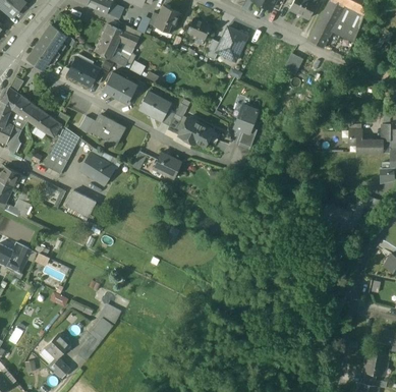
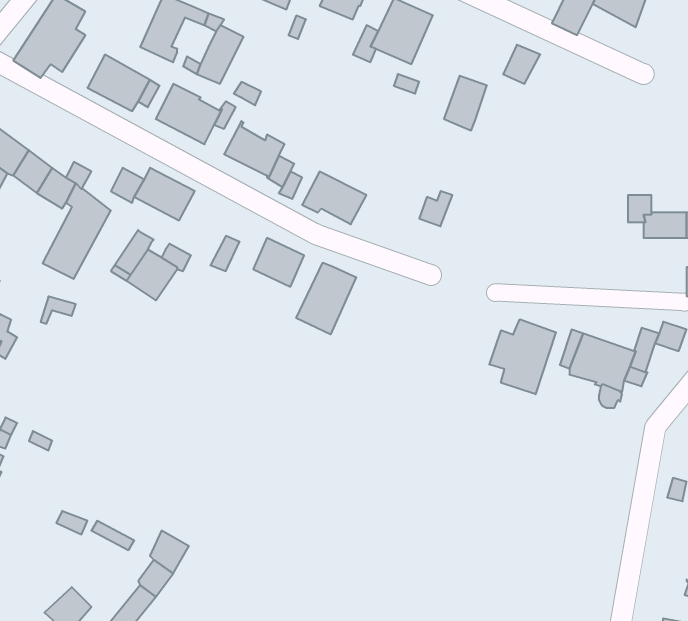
building: [235,105,258,133] -> [444,76,487,130]
building: none -> [296,263,356,334]
building: [66,191,96,217] -> none
building: none -> [489,319,556,394]

